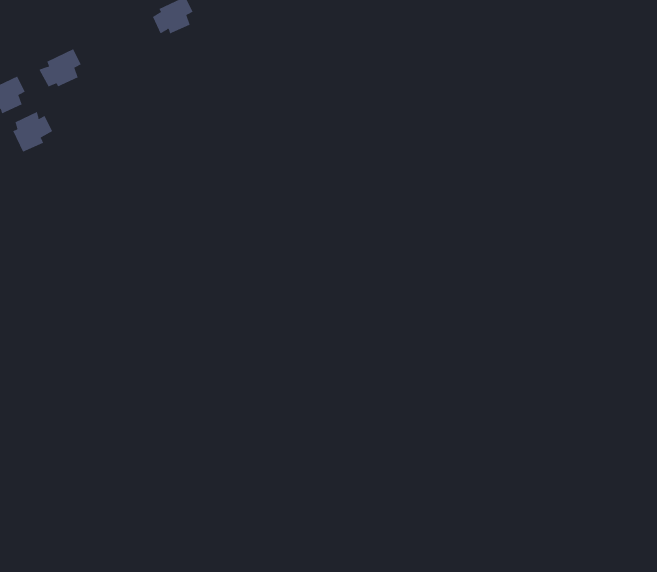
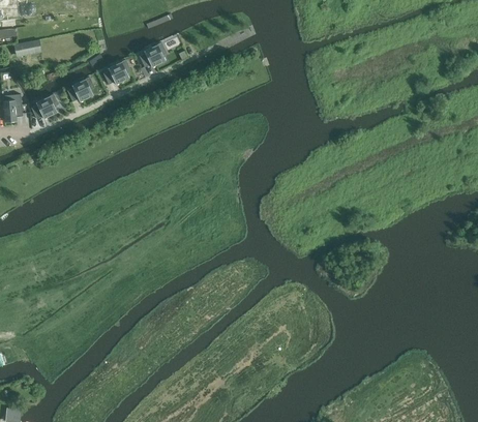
building: none -> [103,58,130,83]
building: [13,111,53,153] -> none

